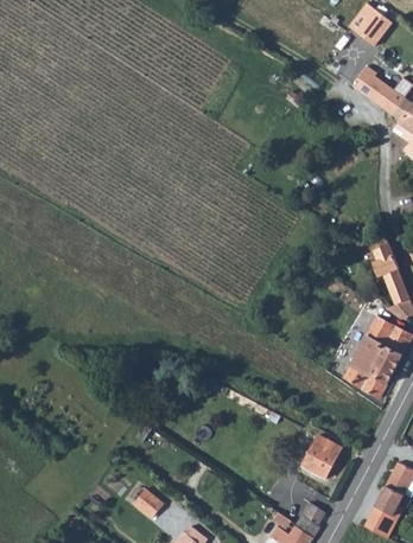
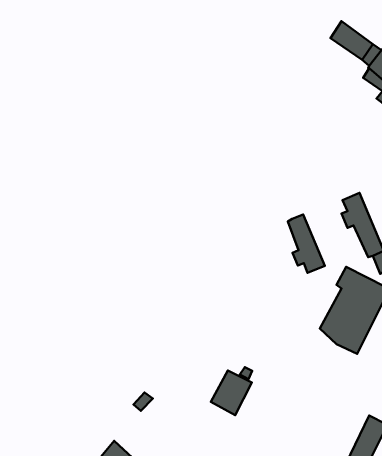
building: none -> [288,214,325,273]
building: [299,434,339,478] -> [211,370,252,415]

